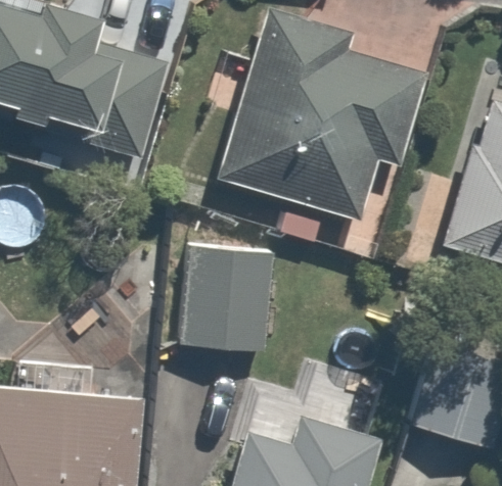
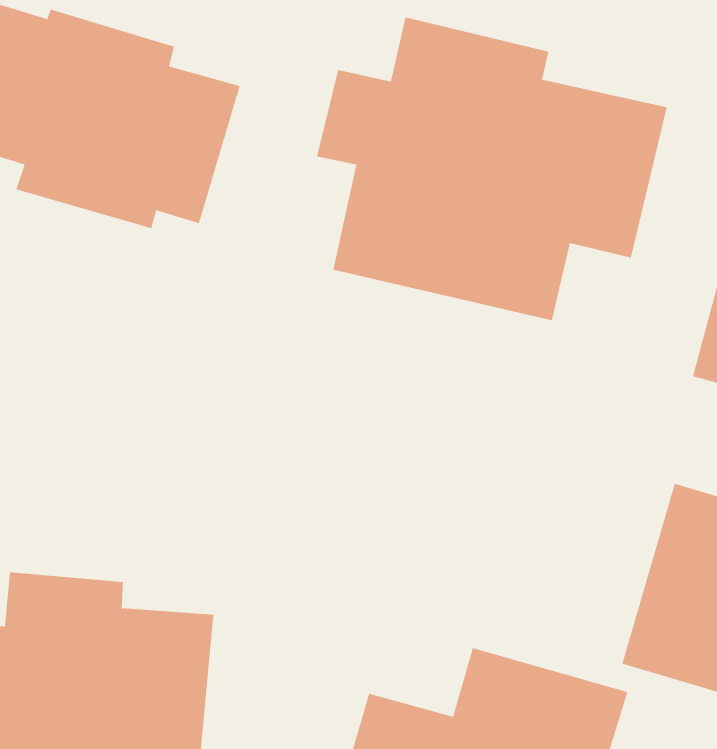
building: [148,239,261,349] -> none

